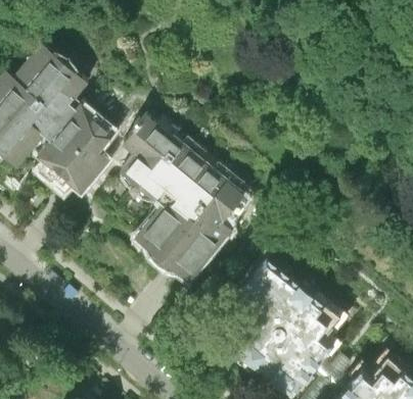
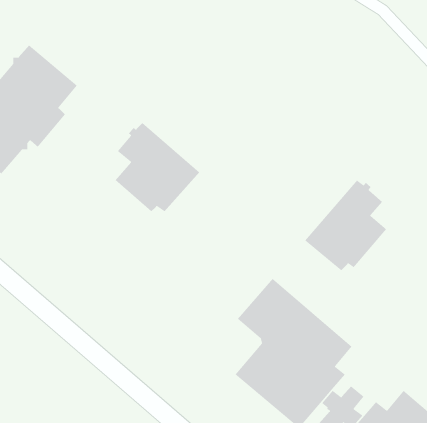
building: [39,104,116,192] -> none
building: [136,162,243,281] -> none
building: none -> [304,180,387,271]

